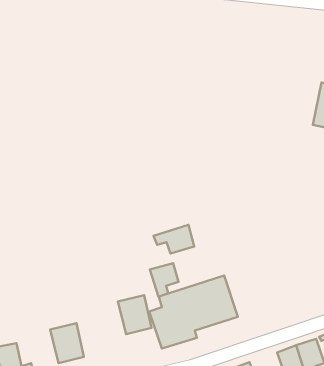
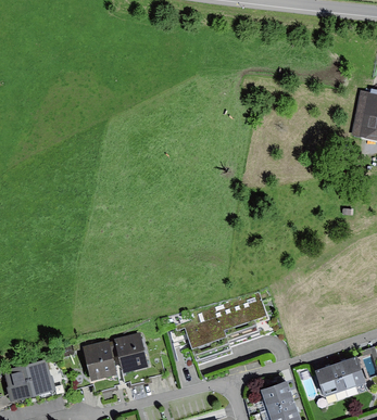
building: [154,225,194,254] -> none
building: [150,263,178,297] -> none
building: [118,295,152,334] -> [113,332,148,372]

